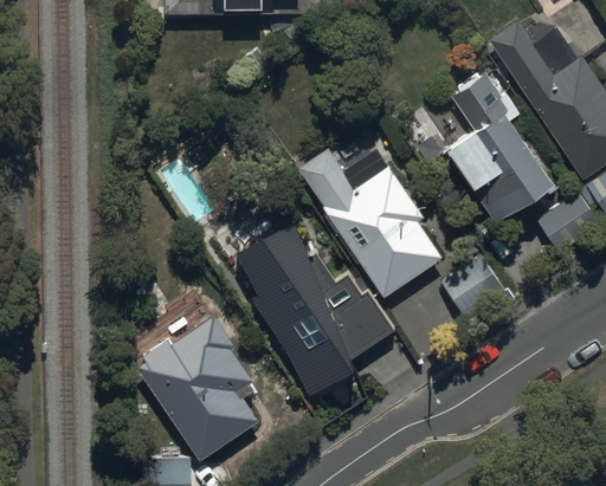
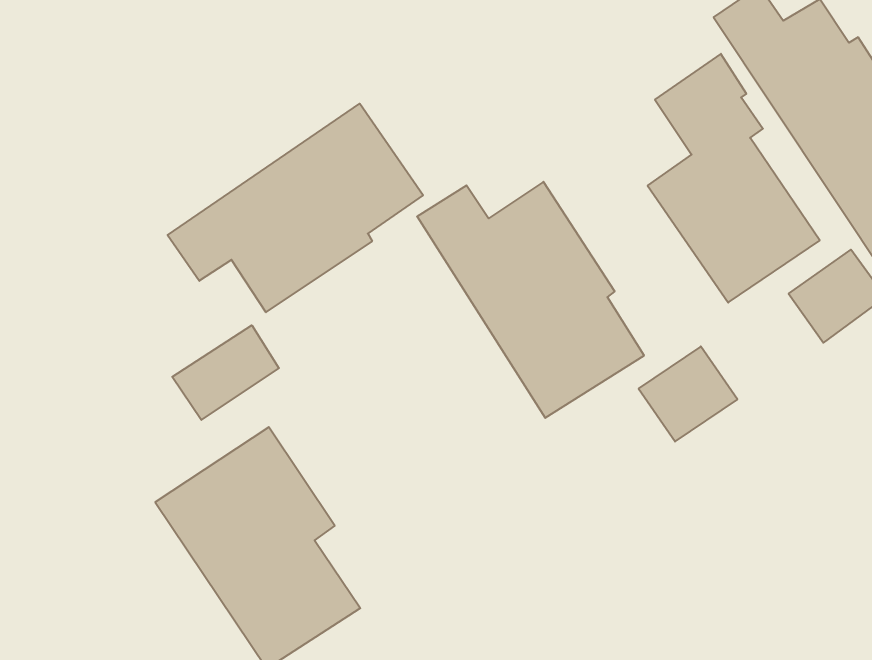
building: none -> [168,104,423,312]
building: [236,223,399,396] -> none
building: none -> [172,325,279,420]

